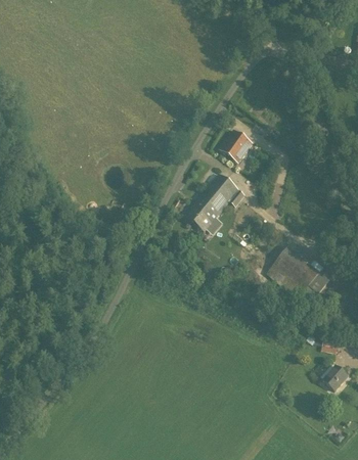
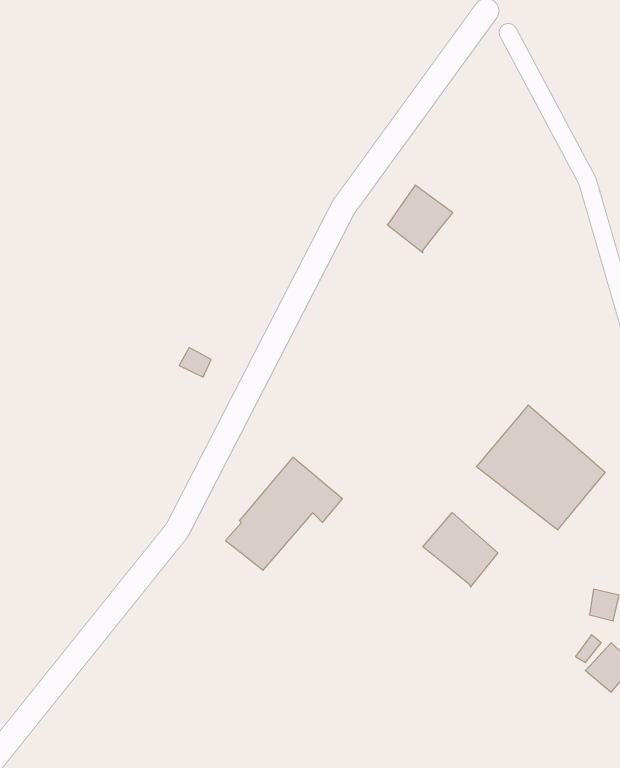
building: [185,174,245,232] -> [226,457,342,570]
building: none -> [423,513,498,587]

